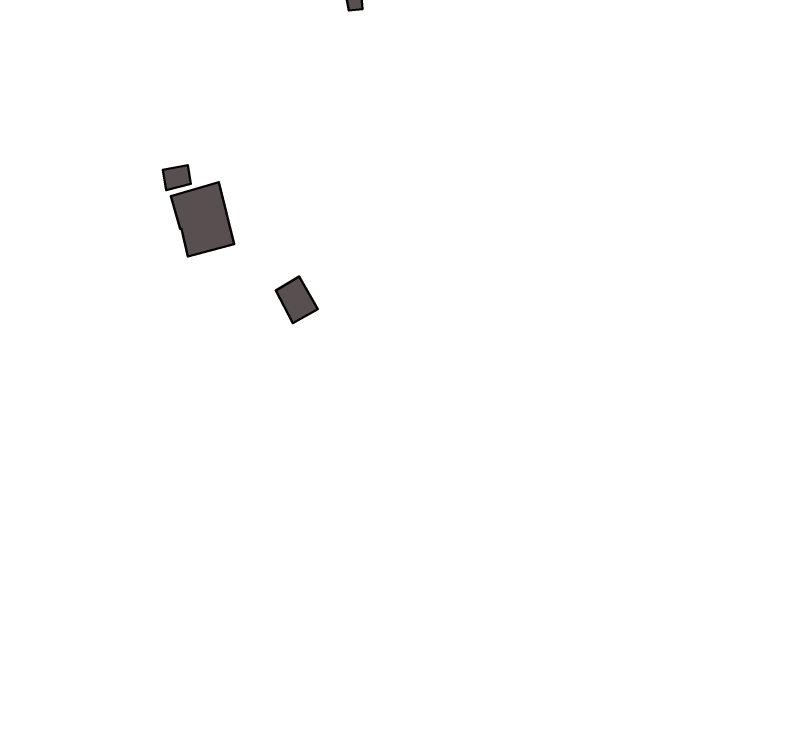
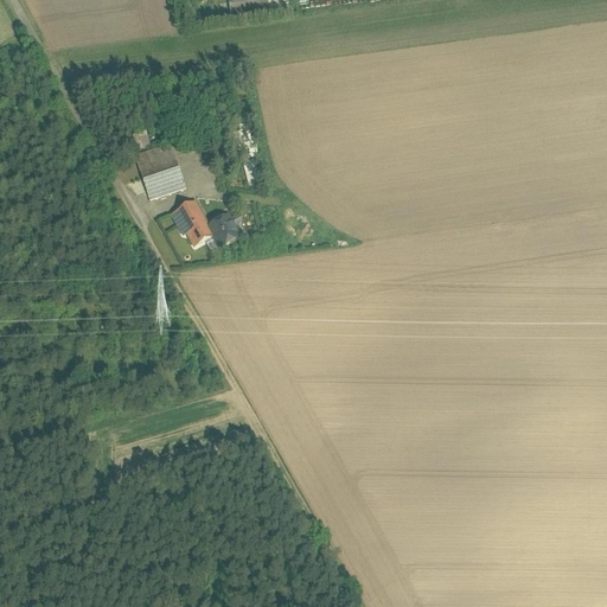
building: none -> [172,199,216,247]

